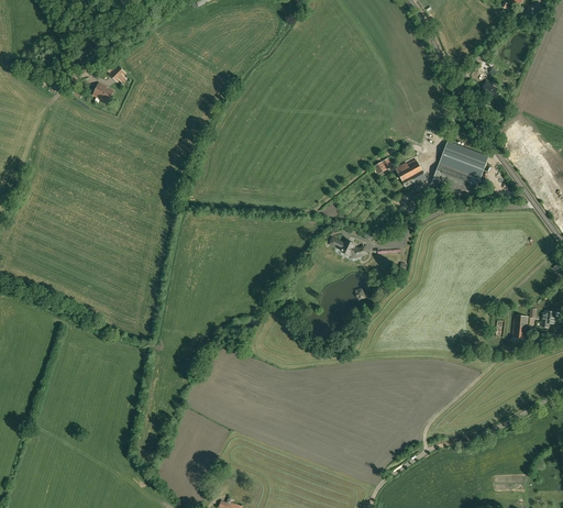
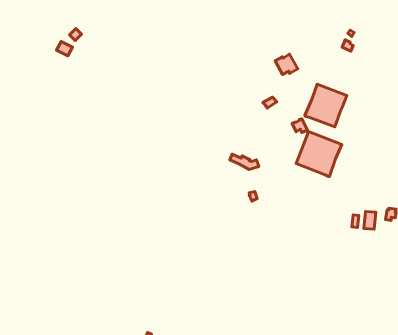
building: [396,157,427,185] -> [275,54,298,74]
building: none -> [296,131,342,176]

